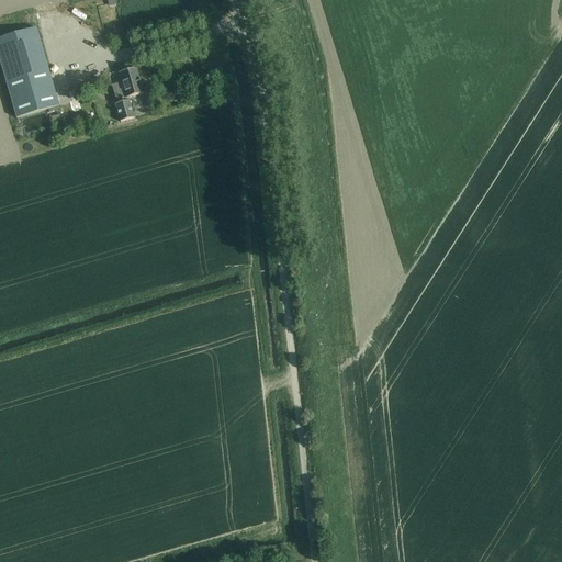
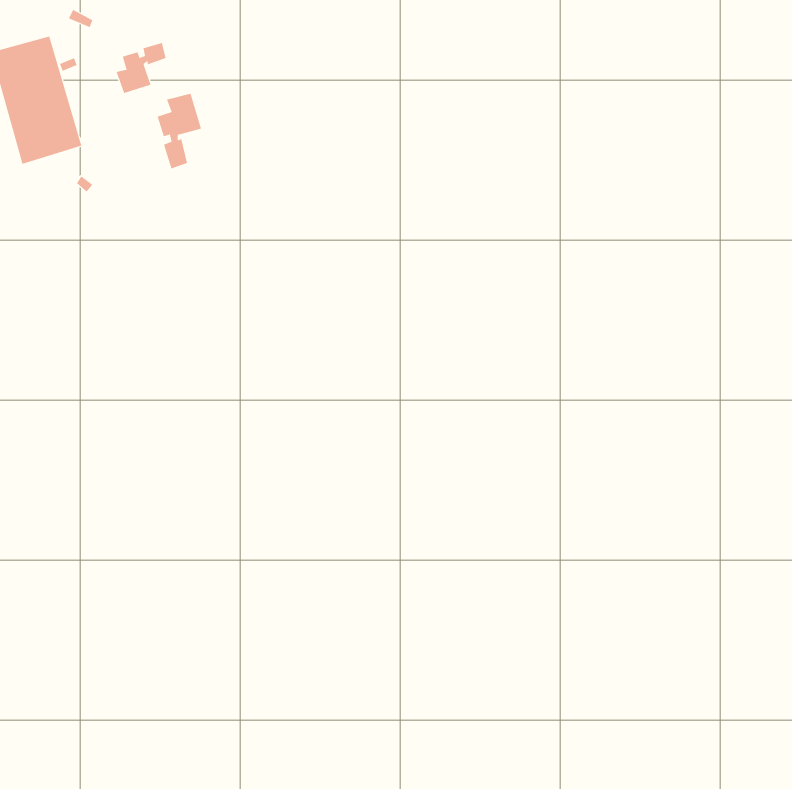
building: none -> [116,42,166,94]

